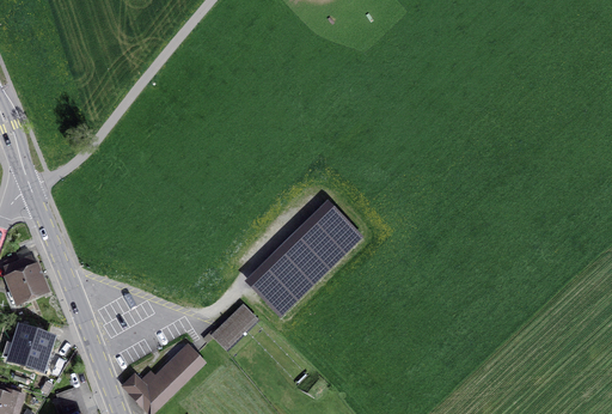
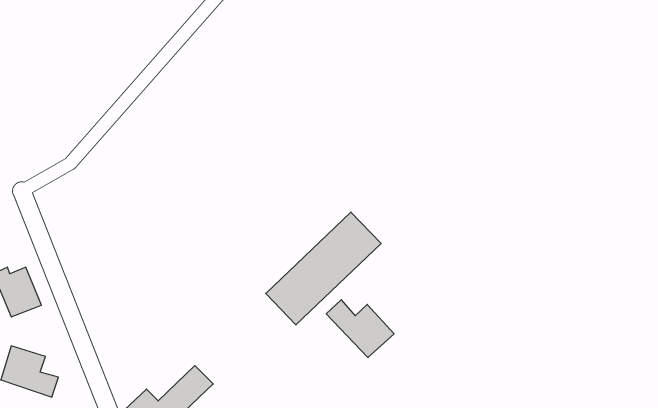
building: none -> [326,300,394,358]
building: [212,305,255,348] -> none

